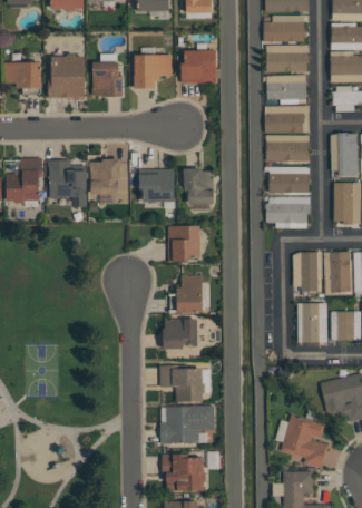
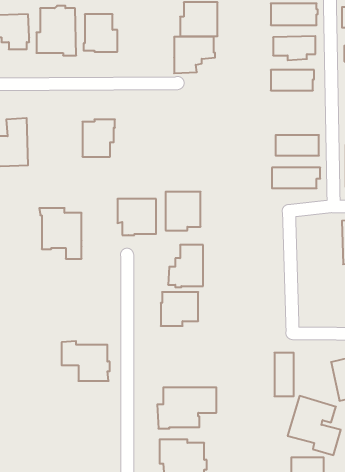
building: [135,56,173,89] -> [174,37,215,73]
building: [266,141,310,162] -> none
building: [48,160,87,207] -> [39,208,82,259]
building: [139,169,175,203] -> [117,199,156,235]
building: [184,169,214,204] -> none
building: [302,252,319,292] -> none
building: [302,303,320,343] -> [274,353,294,396]
building: [160,365,205,402] -> [62,341,110,381]

